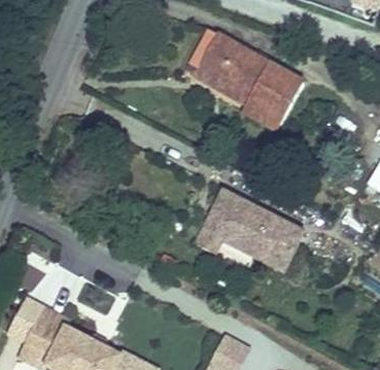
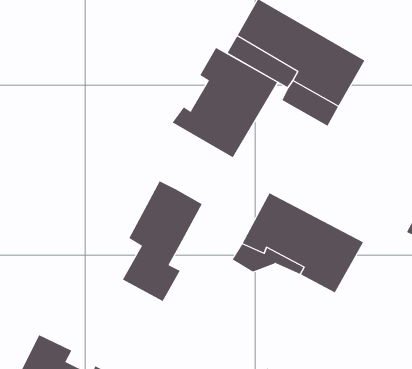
building: none -> [172,47,278,158]
building: none -> [122,180,203,302]

